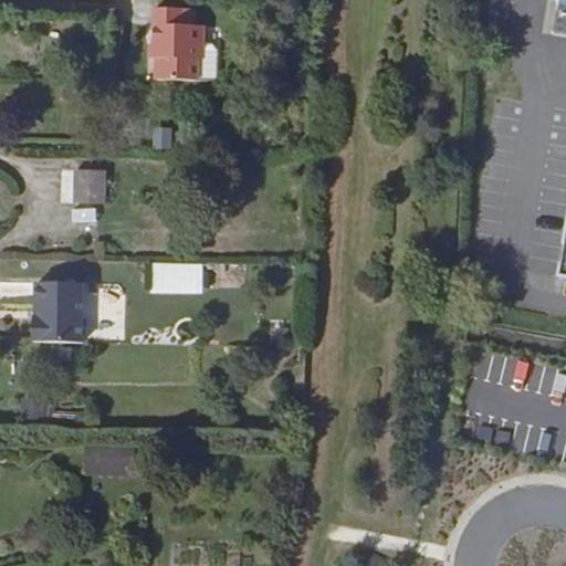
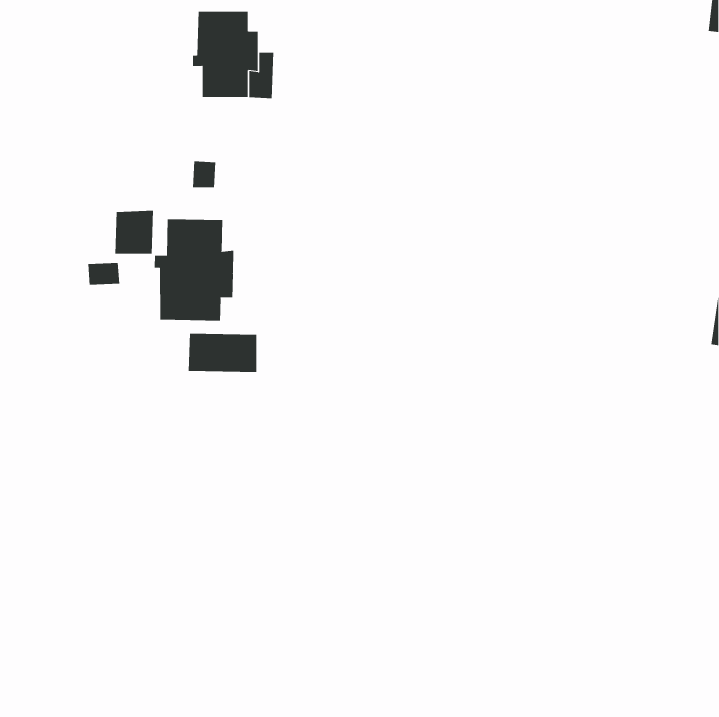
building: none -> [154,218,234,321]
building: [30,280,82,344] -> none

